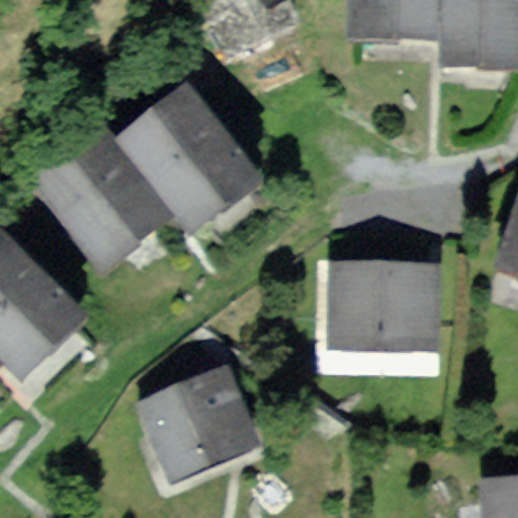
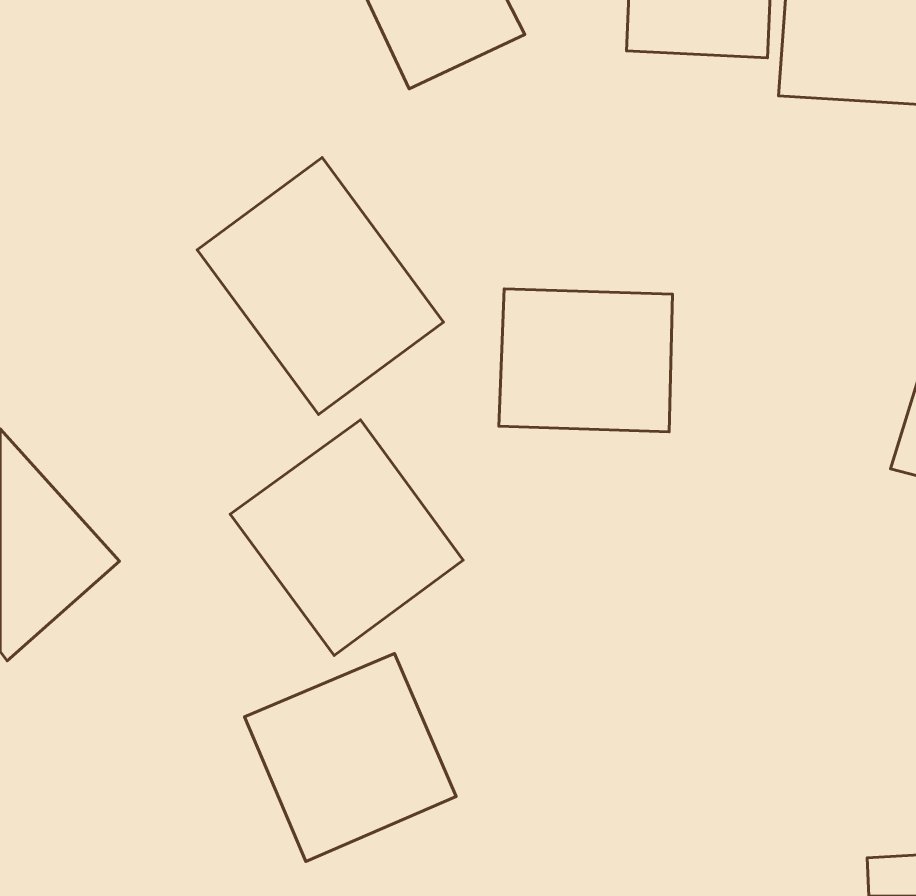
building: [34,127,164,262] -> none
building: none -> [230,420,463,656]
building: [341,264,438,344] -> [499,289,673,432]

